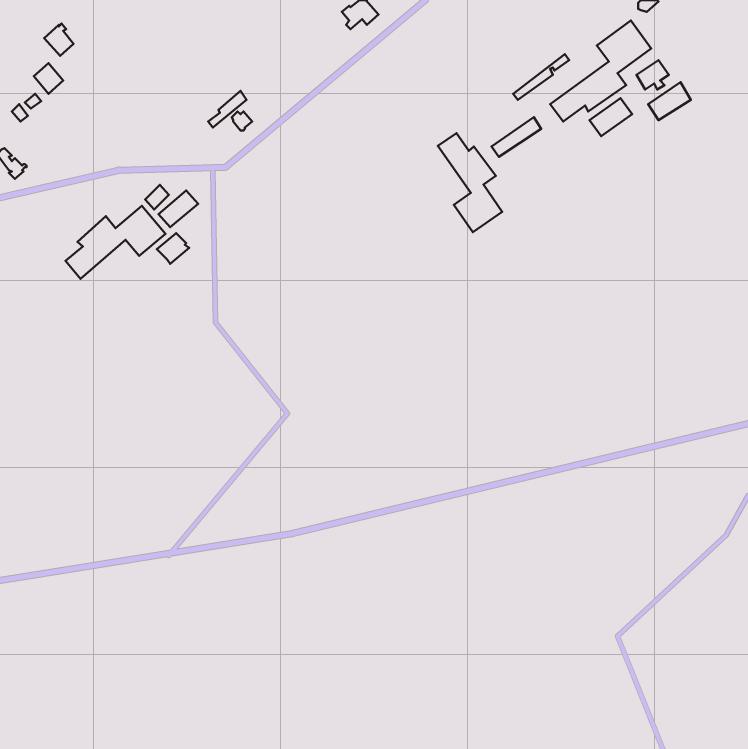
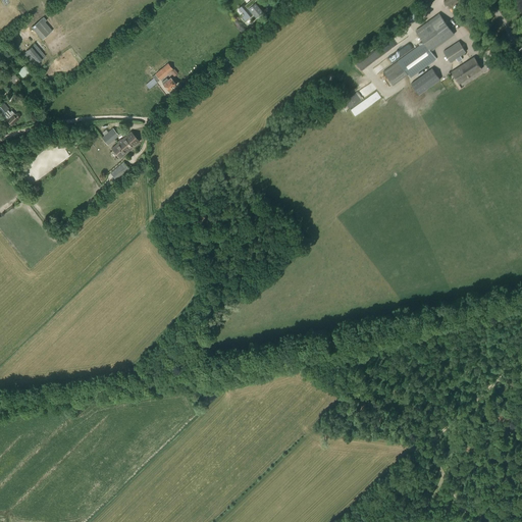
building: [438,133,502,232] -> none
building: [66,206,166,279] -> none

